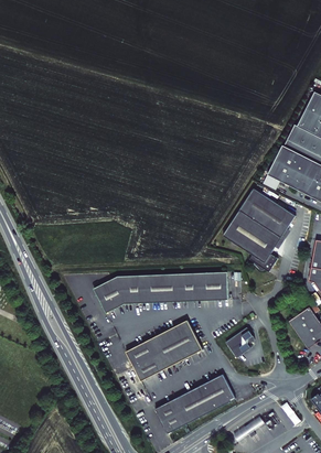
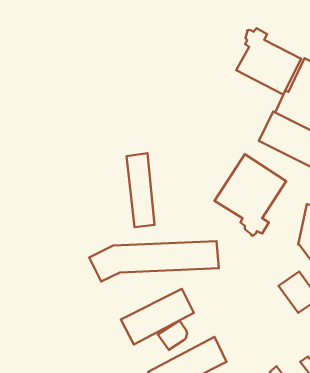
building: none -> [236,28,301,95]
building: none -> [127,153,155,227]
building: [225,328,255,358] -> [158,320,187,350]

